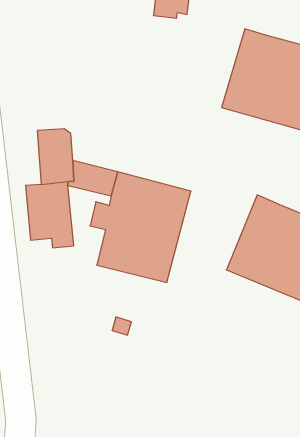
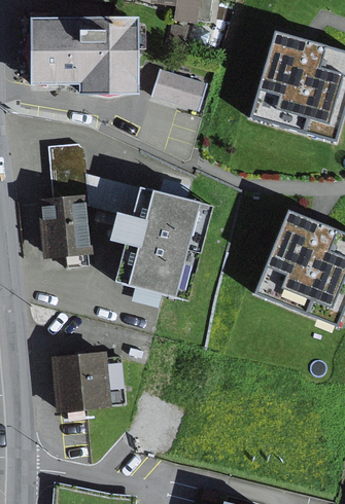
building: none -> [27,21,134,95]
building: none -> [151,65,204,105]
building: none -> [51,351,126,411]

